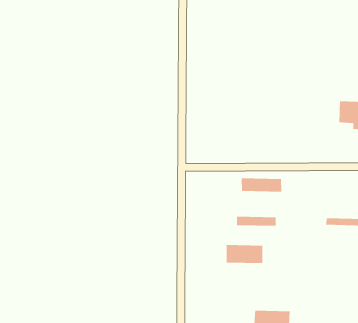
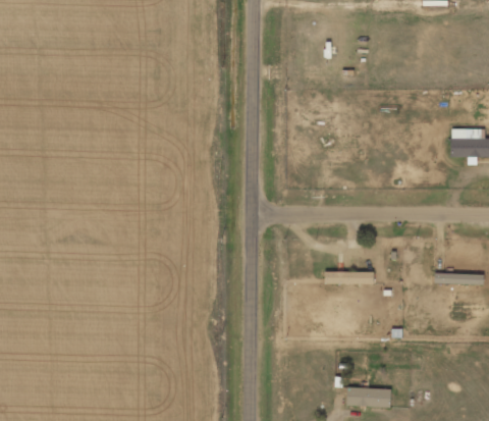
building: [241,178,282,192] -> none
building: [226,244,263,264] -> none

